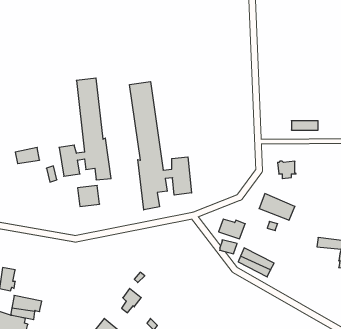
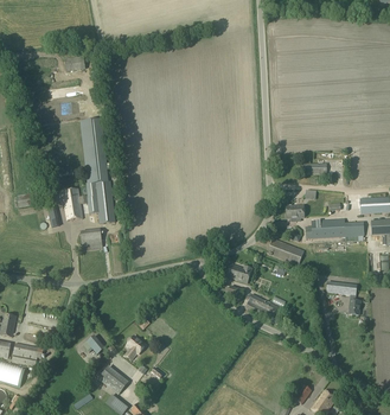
building: [130,82,192,210] -> none
building: none -> [306,218,345,238]

